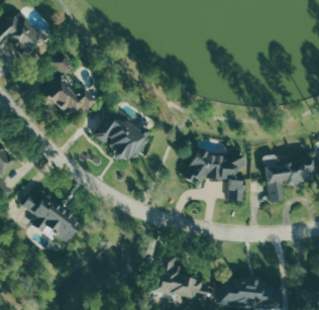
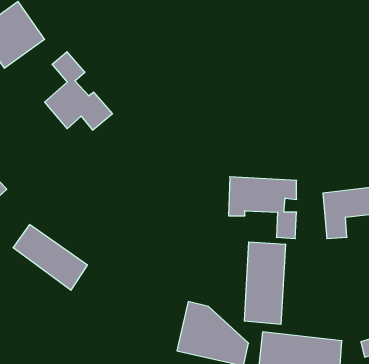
building: [92,112,149,162] -> none
building: none -> [244,242,285,324]

